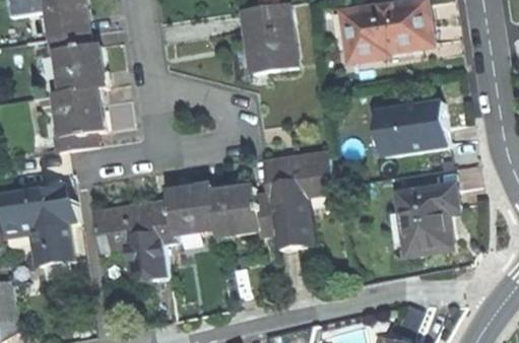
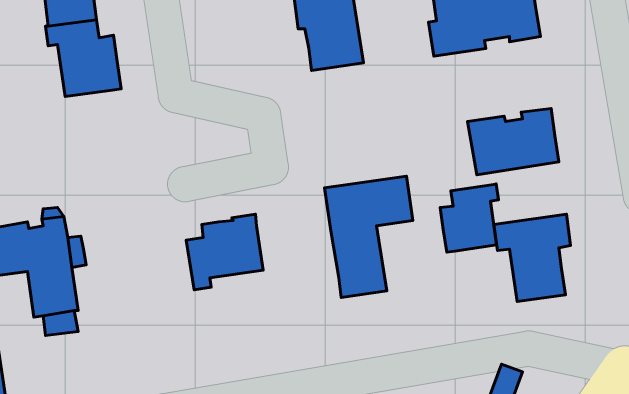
building: [53,86,103,149] -> none
building: none -> [440,184,499,252]
building: [210,186,274,235] -> none
building: [90,203,167,281] -> none

